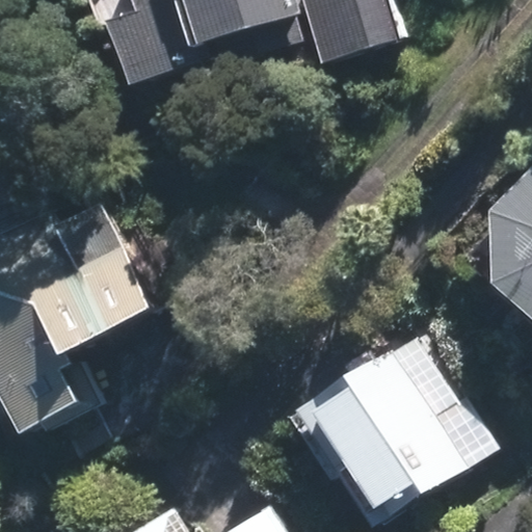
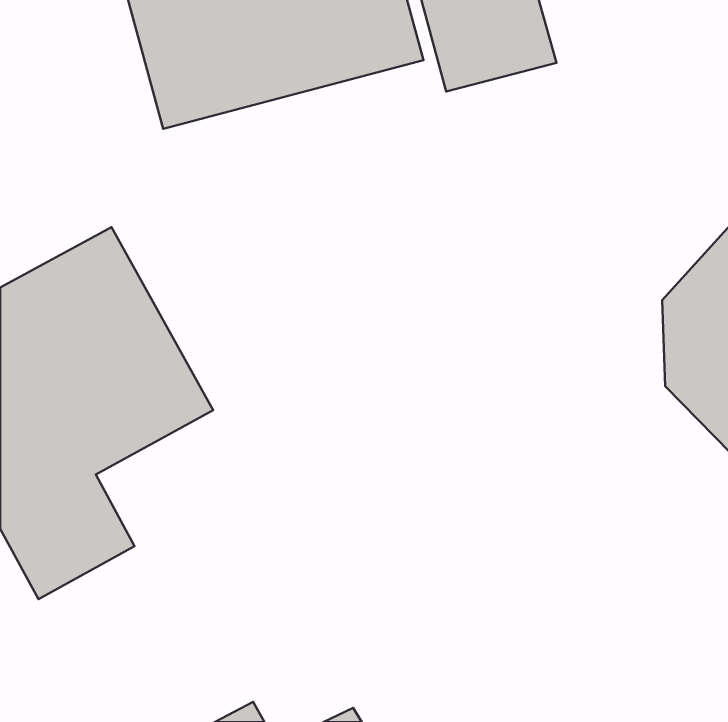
building: [298,331,487,518] -> none

